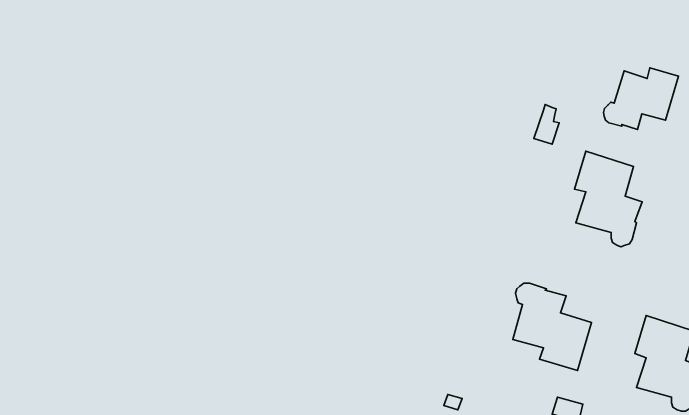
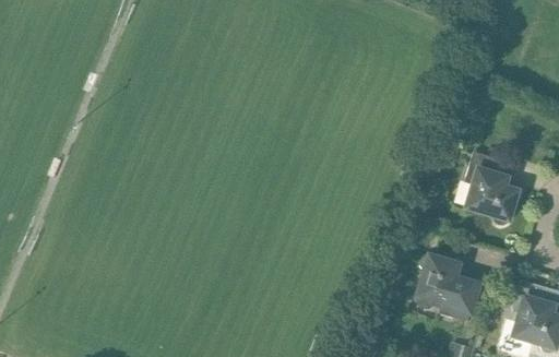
building: [604,68,679,130] -> none

